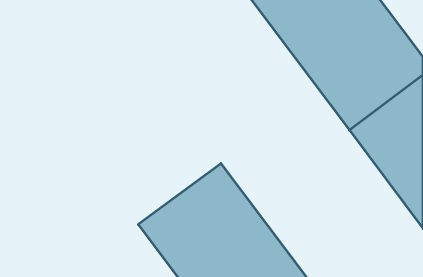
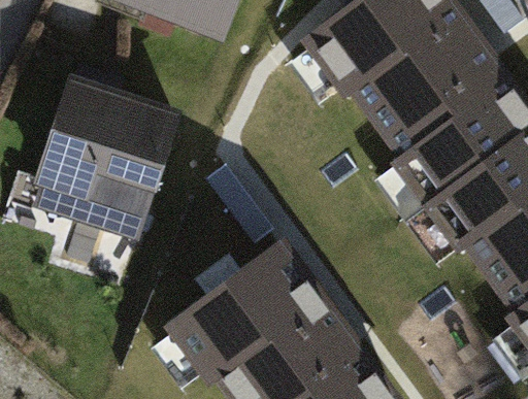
building: none -> [39,80,176,235]

